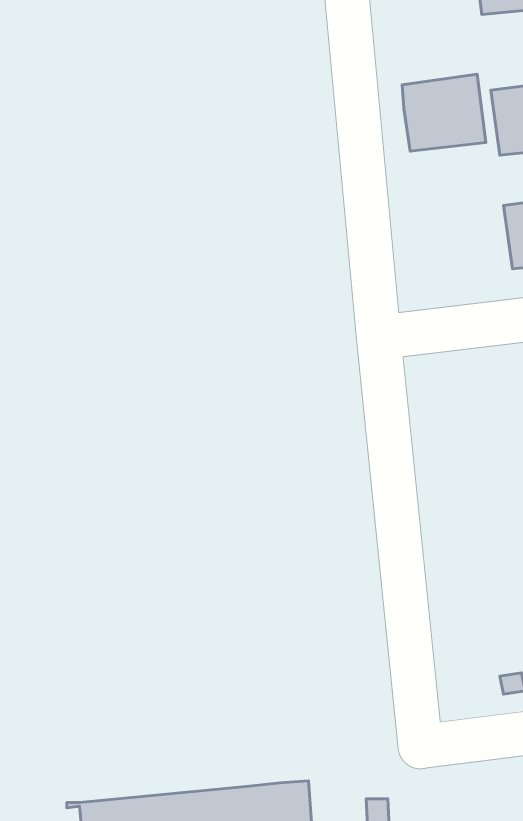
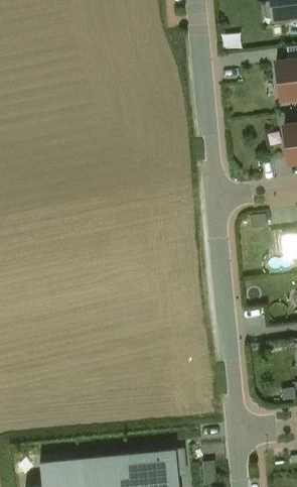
building: [402,74,486,151] -> none

